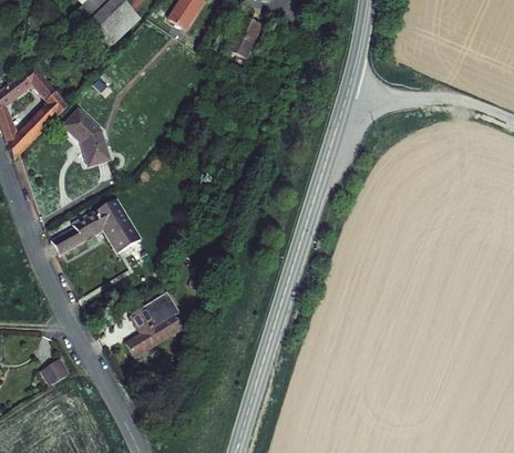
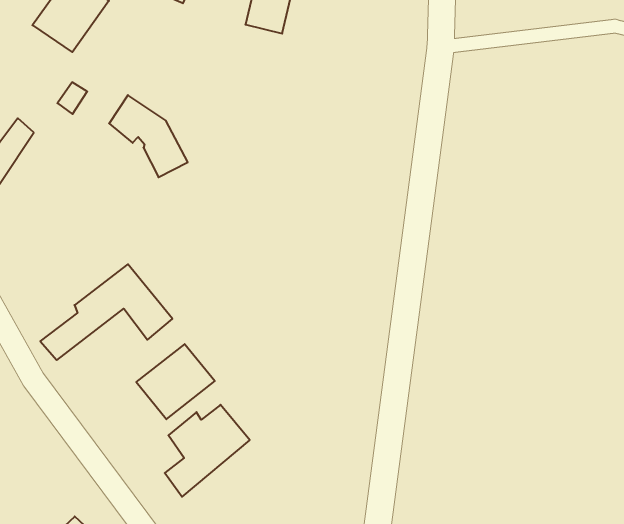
building: [61,106,109,164] -> [109,95,188,177]
building: none -> [136,344,215,419]

